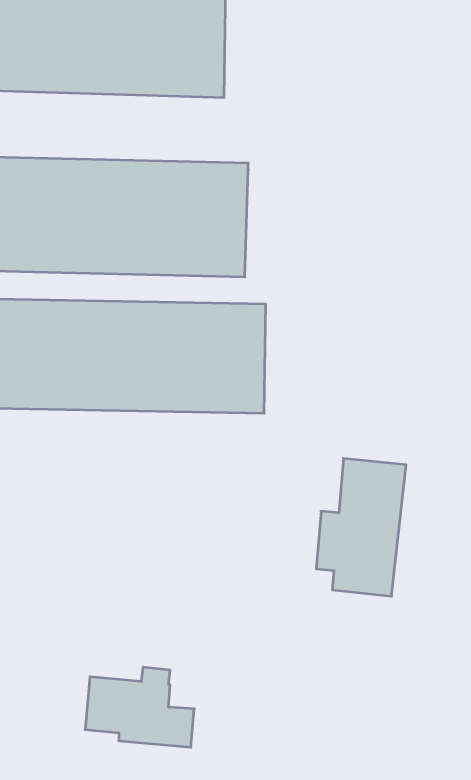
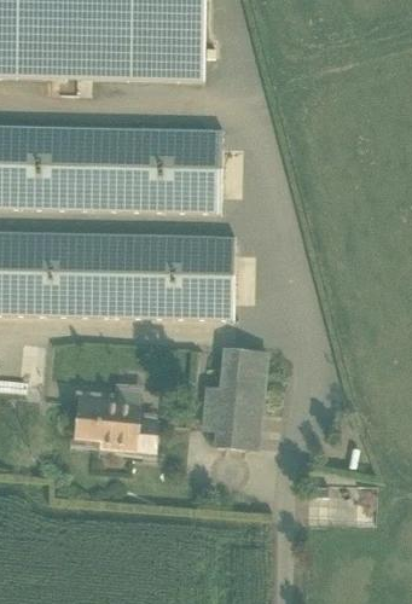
building: [316,458,406,596] -> [201,347,268,451]
building: [85,667,194,747] -> [75,391,157,452]

